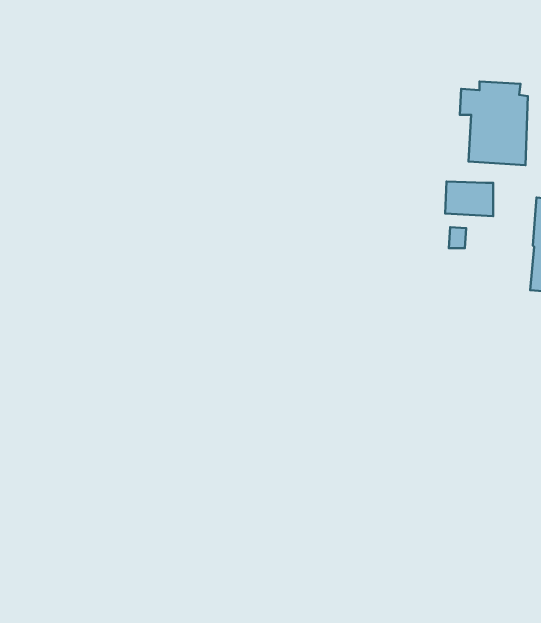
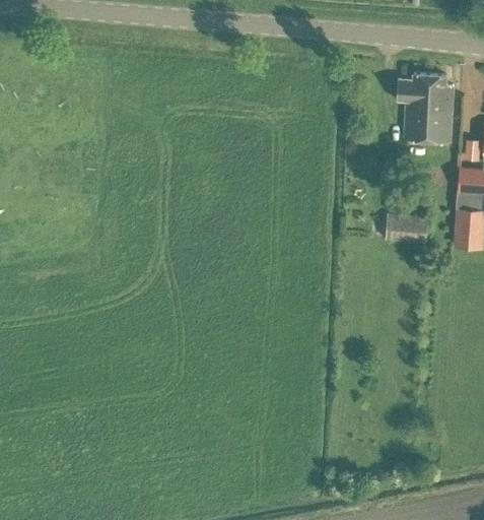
building: [445,182,493,216] -> [387,217,426,246]

